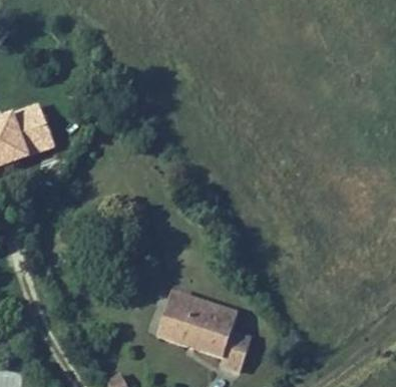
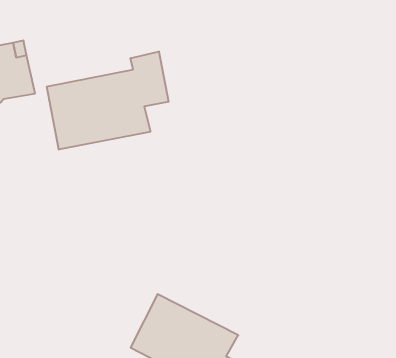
building: none -> [47,51,169,150]

